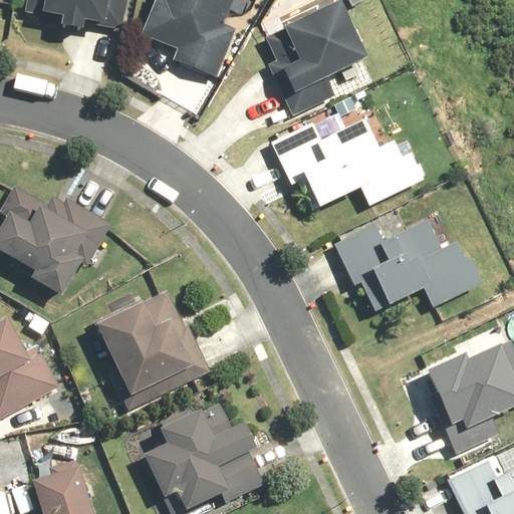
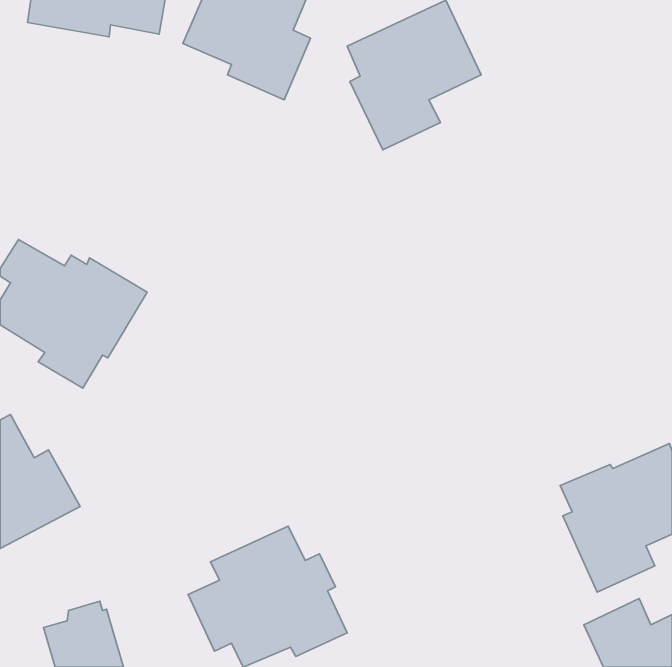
building: [270,115,427,211] -> none
building: [334,217,483,311] -> none
building: [95,287,211,409] -> none

